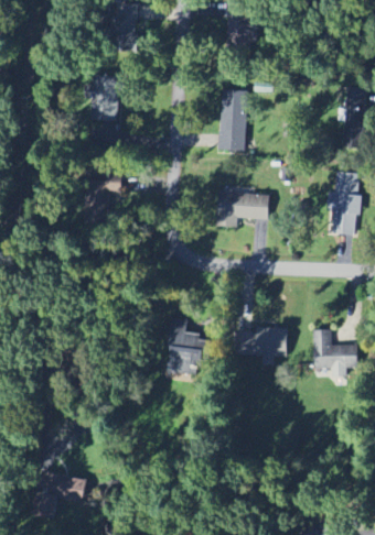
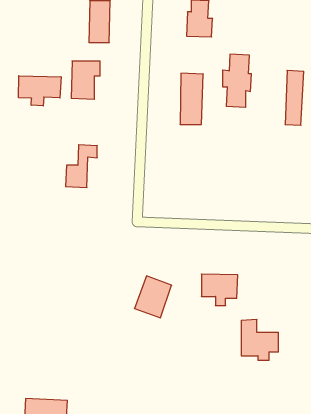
building: none -> [19,76,61,106]
building: [326,172,361,234] -> [223,54,251,107]
building: [216,192,268,226] -> none
building: [313,329,357,378] -> [241,319,278,360]

